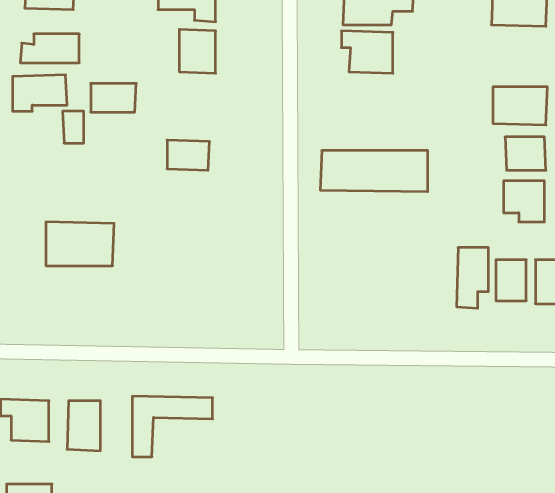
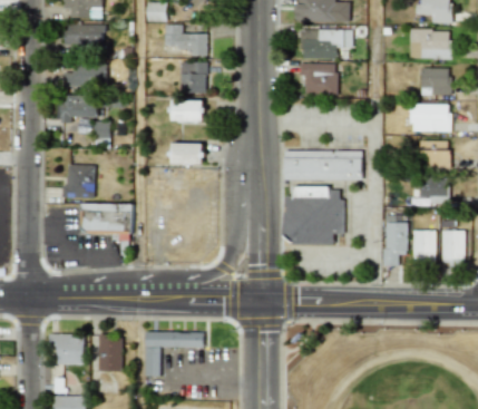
building: none -> [420,67,450,95]
building: [91,83,136,112] -> [170,100,204,121]
building: none -> [61,164,95,197]
building: none -> [286,187,342,245]

